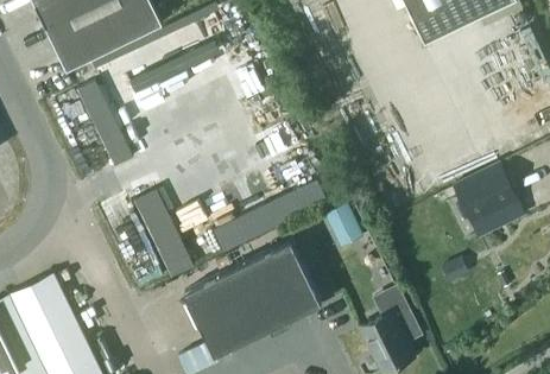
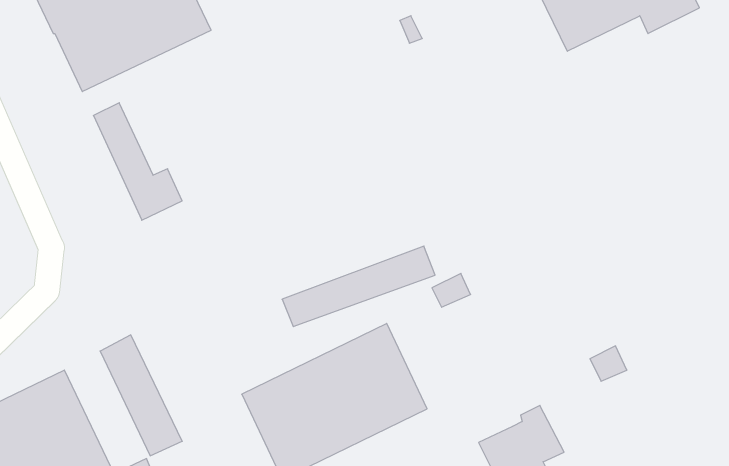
building: [453,164,525,240] -> none
building: [133,186,194,275] -> [100,335,182,456]

